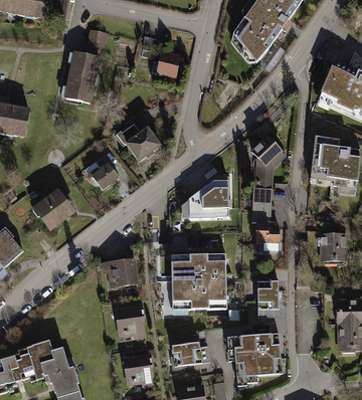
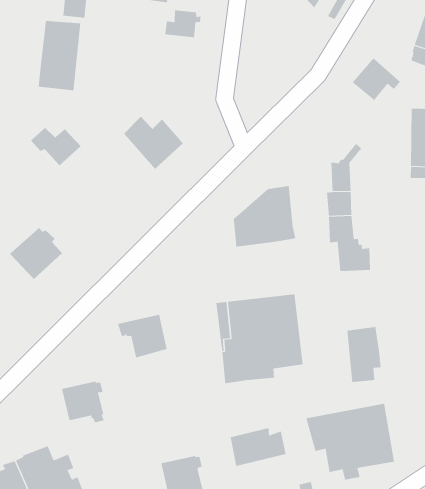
building: [251,136,285,165] -> [352,58,401,101]
building: [83,161,118,188] -> [30,127,81,166]
building: [116,307,144,335] -> [61,381,105,423]

